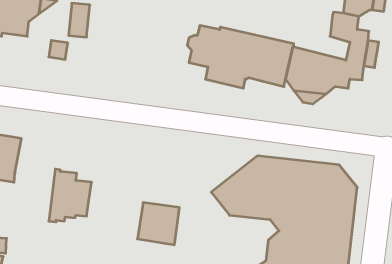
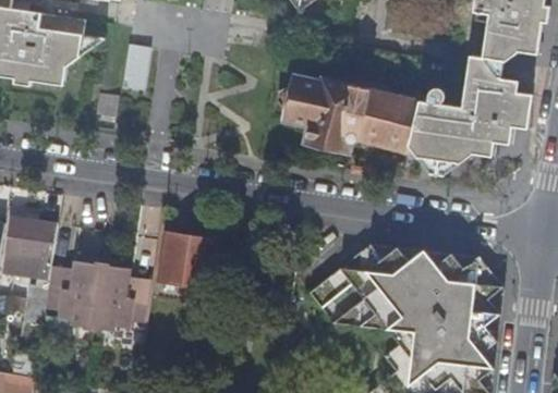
building: none -> [415,86,490,119]
building: none -> [43,261,101,331]
building: [137,203,179,245] -> [158,232,214,287]

